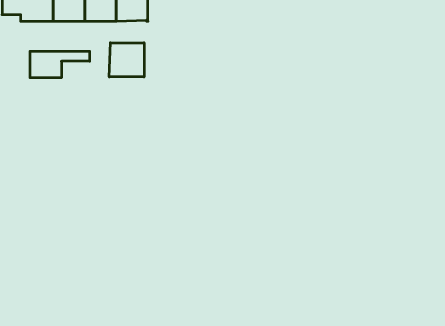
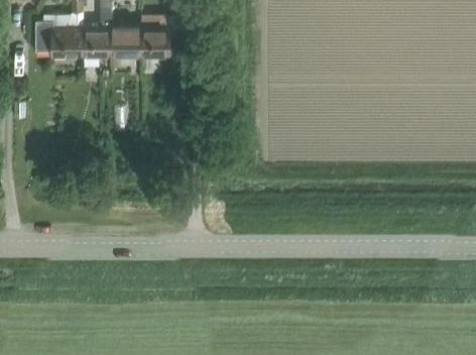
building: [109,43,144,77] -> none
building: [30,51,90,78] -> none

